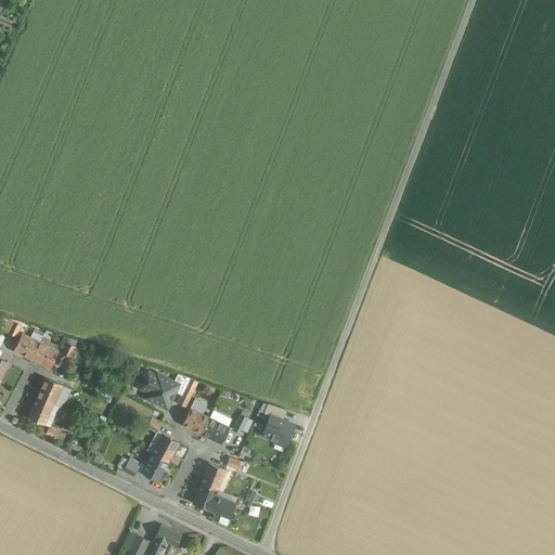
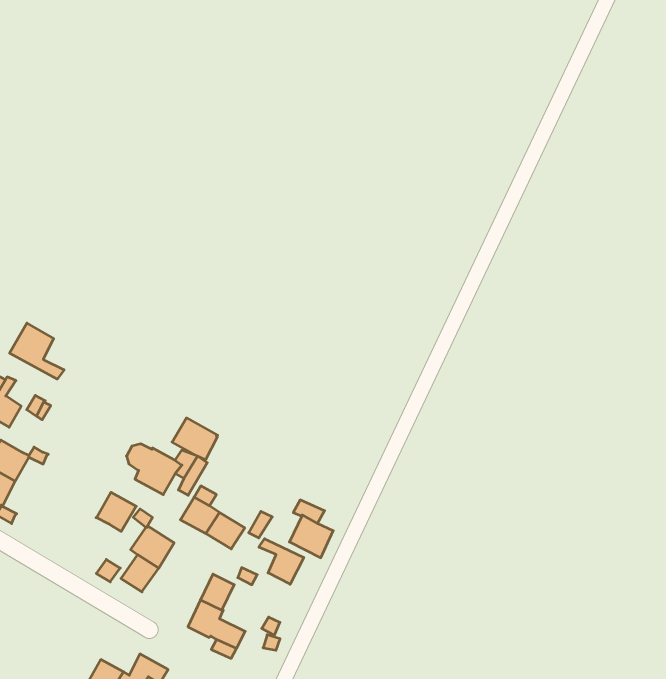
building: none -> [10,323,64,379]
building: none -> [172,418,218,460]
building: none -> [96,492,136,531]
building: none -> [259,539,304,584]

